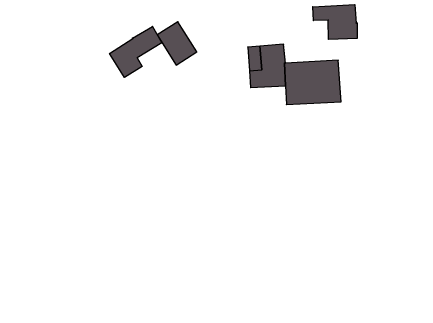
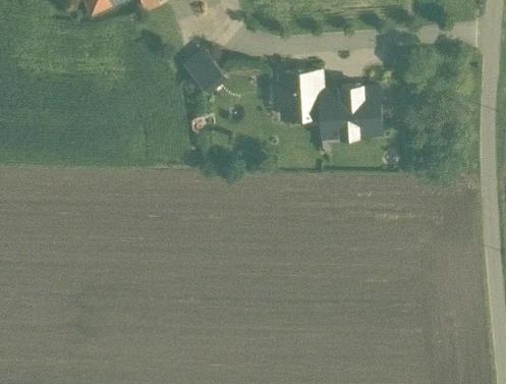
building: [313,5,357,39] -> none
building: [110,26,162,77] -> none

